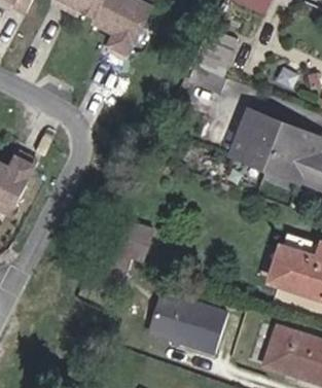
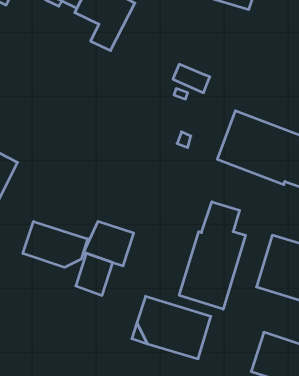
building: [189,40,230,76] -> none
building: none -> [179,202,246,309]
building: none -> [23,221,88,267]

